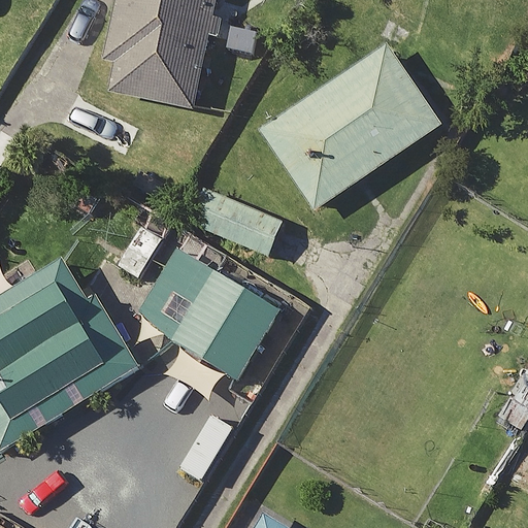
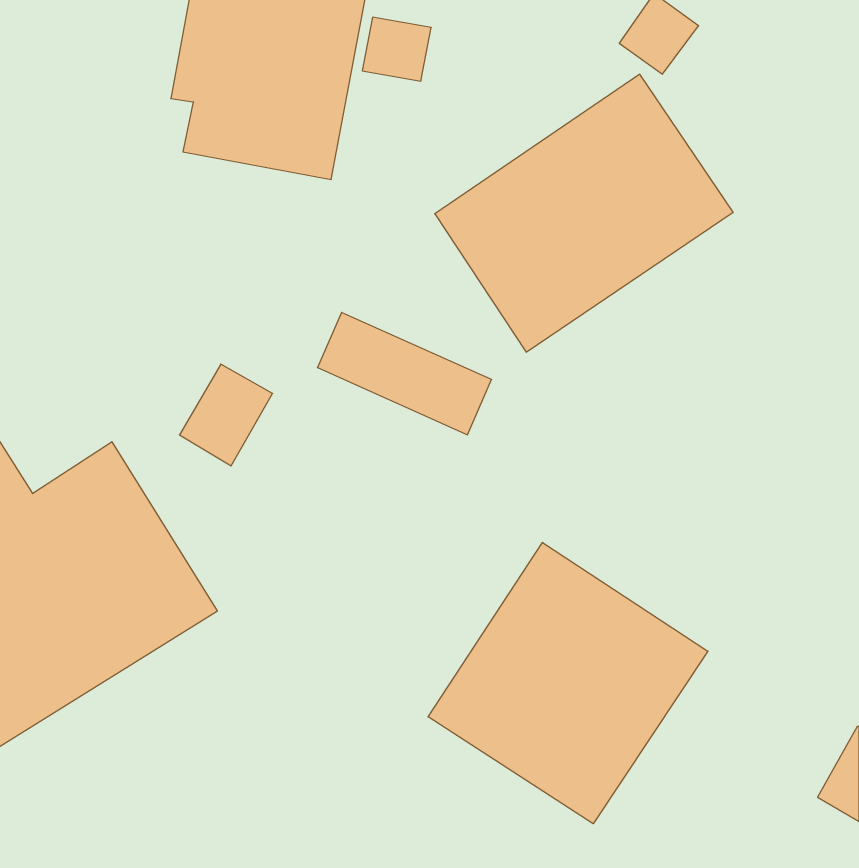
building: [136,243,287,404] -> none
building: none -> [428,542,708,824]

